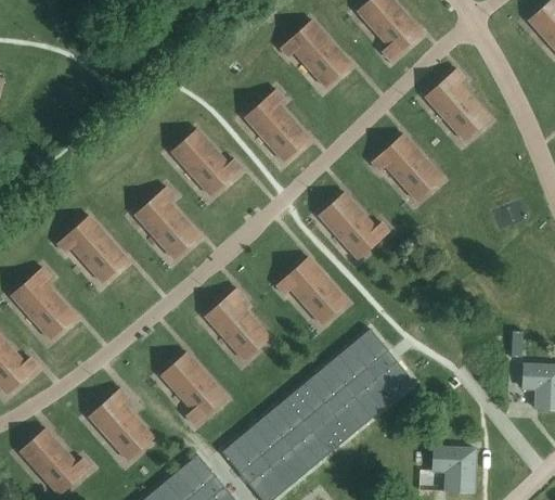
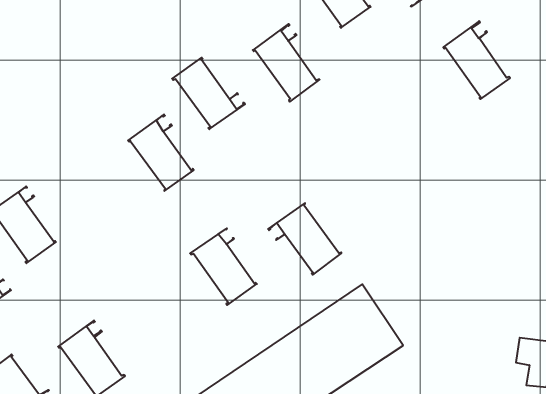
building: [371,133,442,202] -> none
building: [318,192,389,260] -> none
building: [56,216,128,283] -> none
building: [160,352,225,425] -> none

